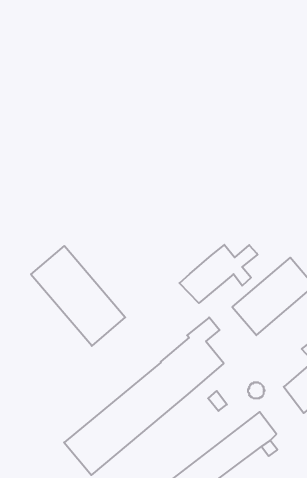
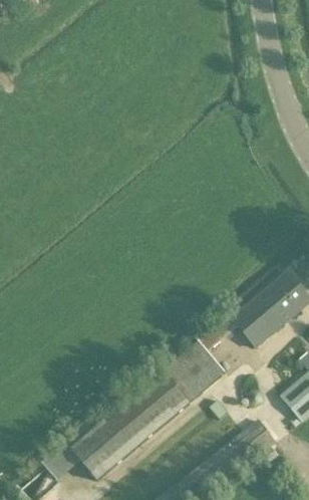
building: [179,245,258,303] -> none
building: [31,246,125,346] -> none

